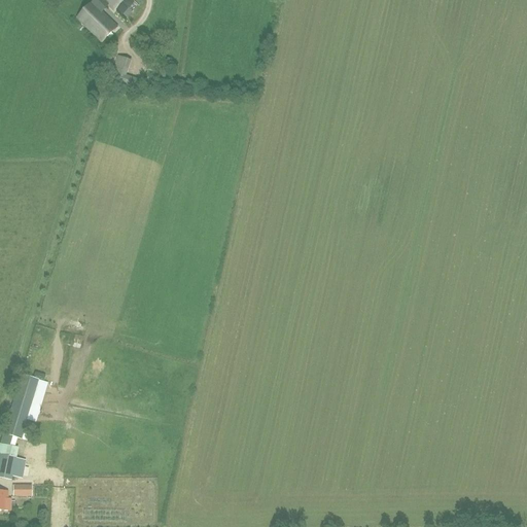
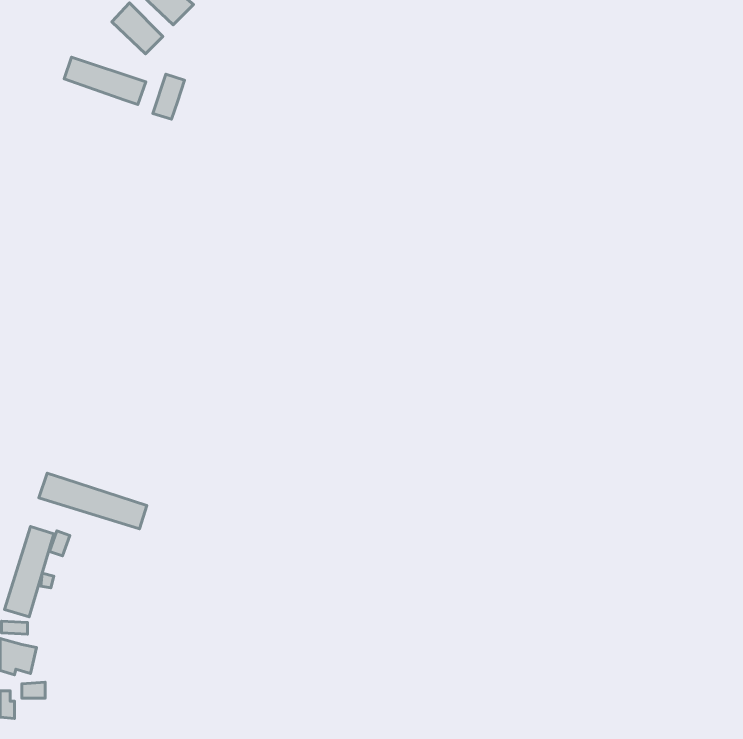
building: none -> [64,57,146,105]
building: none -> [39,473,147,529]

